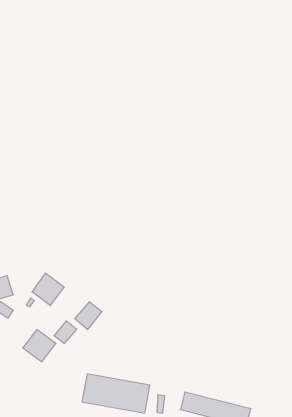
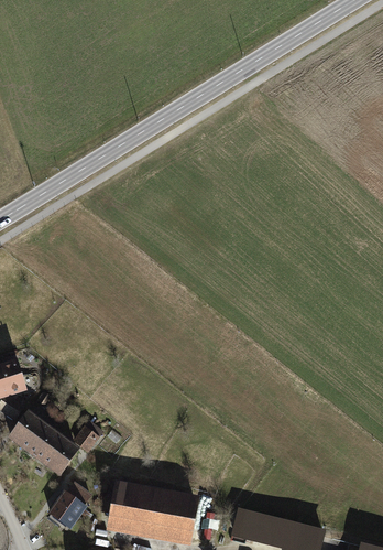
building: [32,273,64,306] -> [11,414,52,455]
building: [75,302,102,330] -> none
building: none -> [51,484,90,527]

